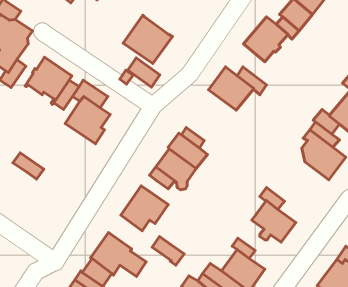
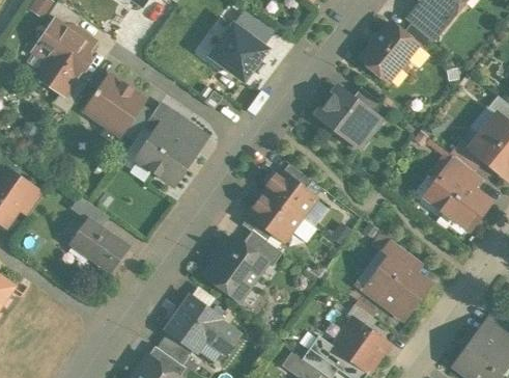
building: [128,58,160,87] -> [235,8,276,46]
building: none -> [72,221,125,270]
building: [152,237,184,265] -> [242,232,282,268]

